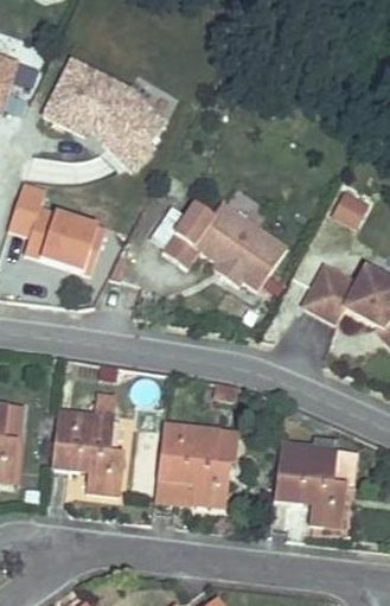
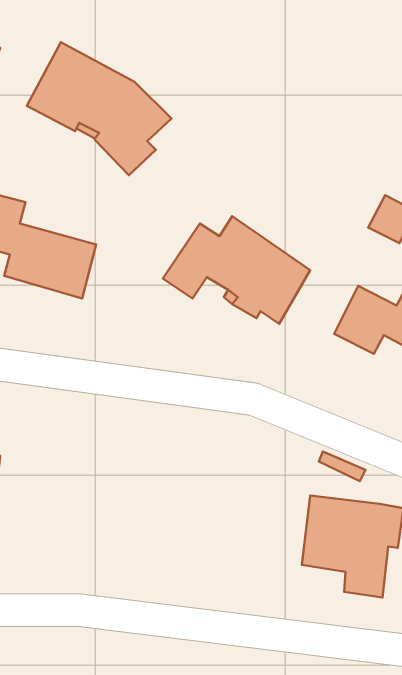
building: [52,391,126,492] -> none
building: [155,420,236,509] -> none

